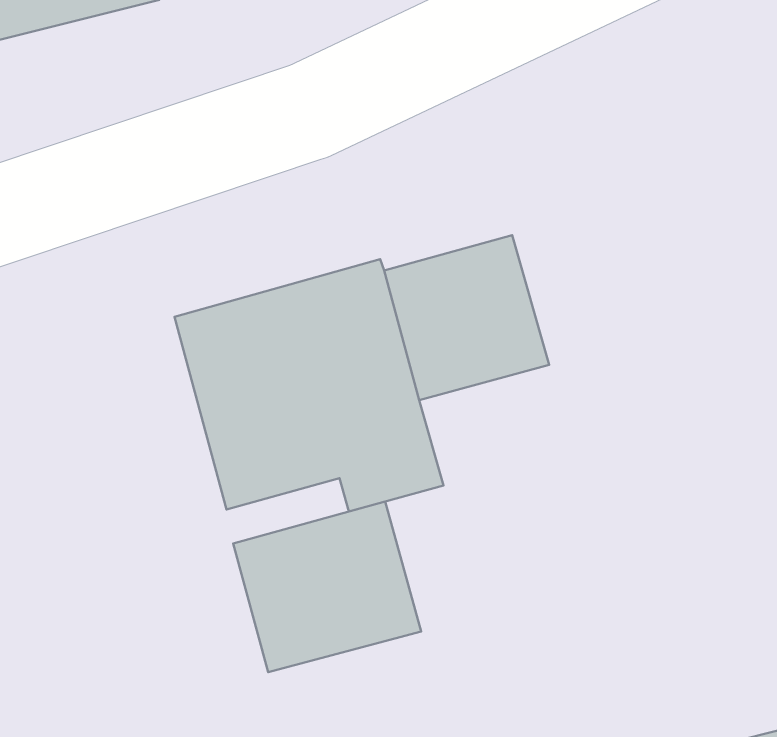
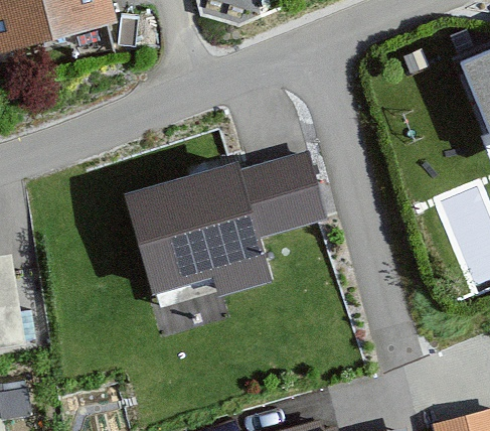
building: [233,501,421,672] -> none

